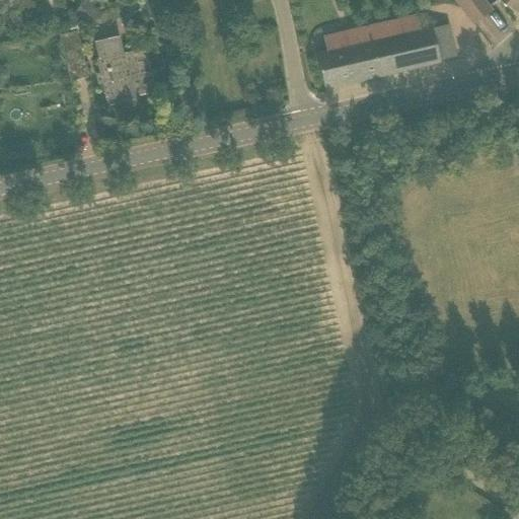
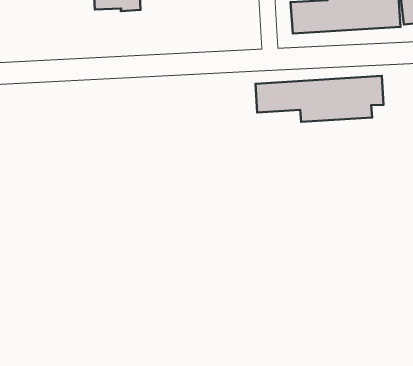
building: none -> [255,76,383,122]

